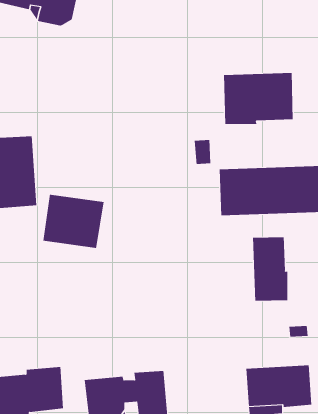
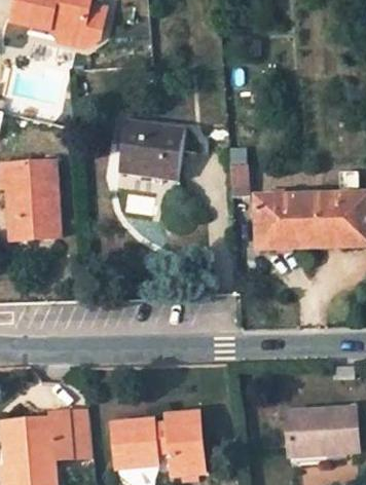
building: [223,72,293,125] -> none
building: [42,194,104,248] -> [119,119,186,178]
building: [252,237,288,301] -> none

